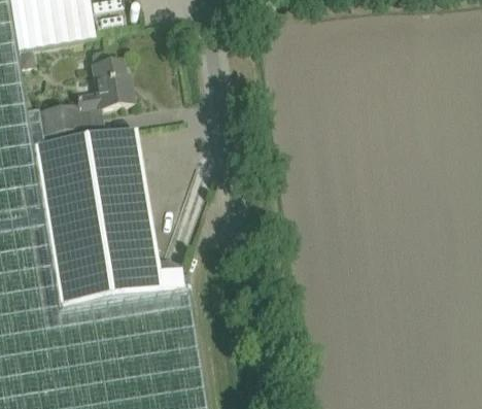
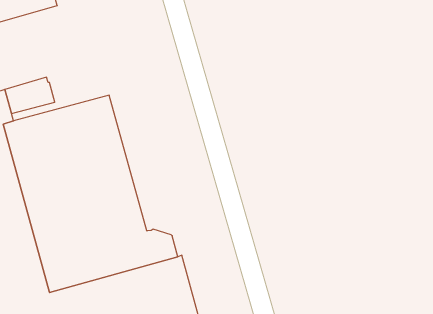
building: [76,54,133,114] -> none

